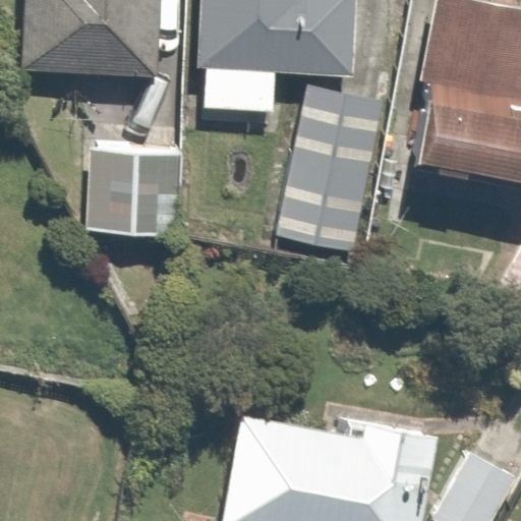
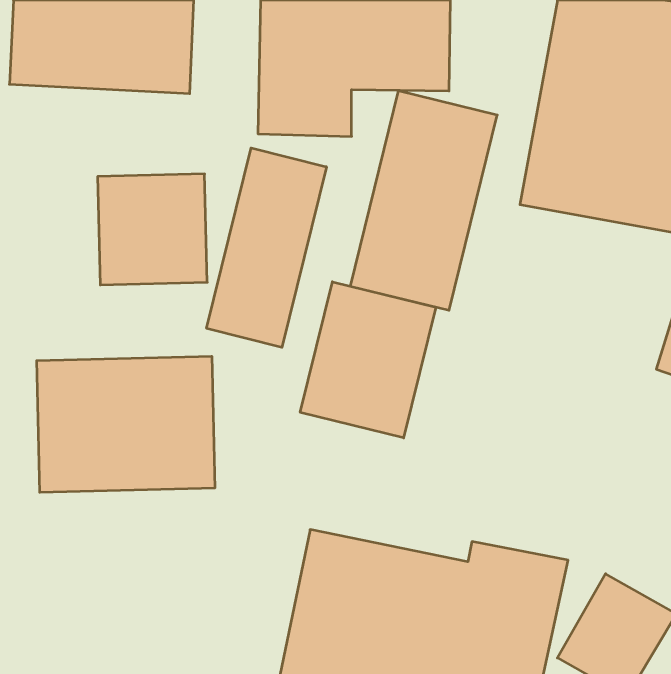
building: none -> [207,148,326,347]
building: none -> [300,282,436,438]
building: none -> [37,356,215,492]

